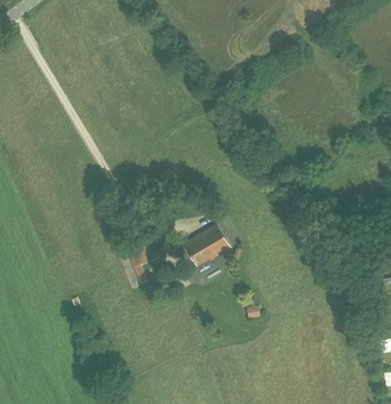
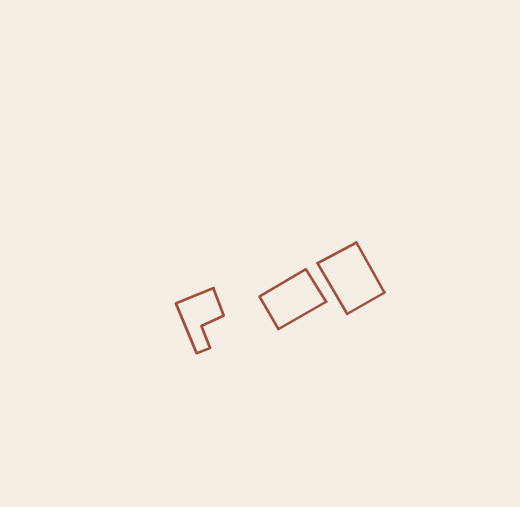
building: none -> [317,242,385,314]

